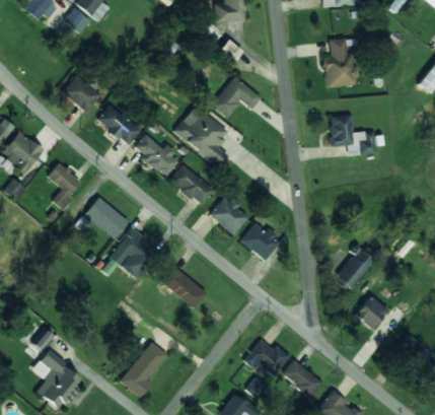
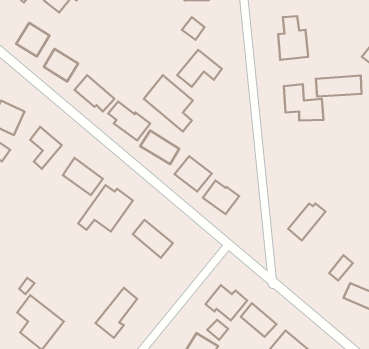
building: none -> [16,23,50,56]
building: none -> [316,75,361,97]
building: [355,295,389,330] -> none

